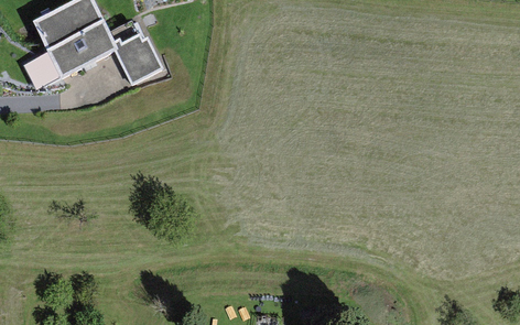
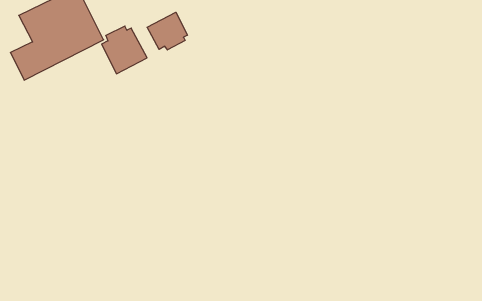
building: none -> [147,12,187,50]

